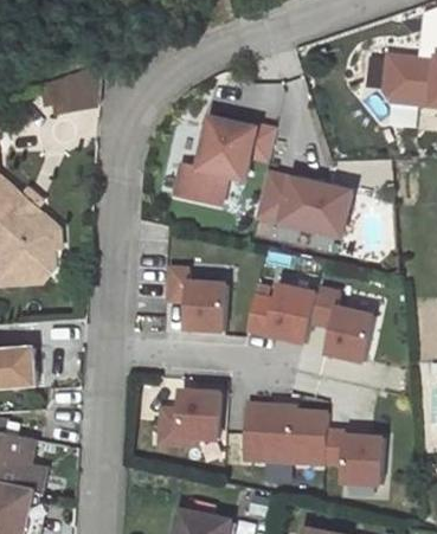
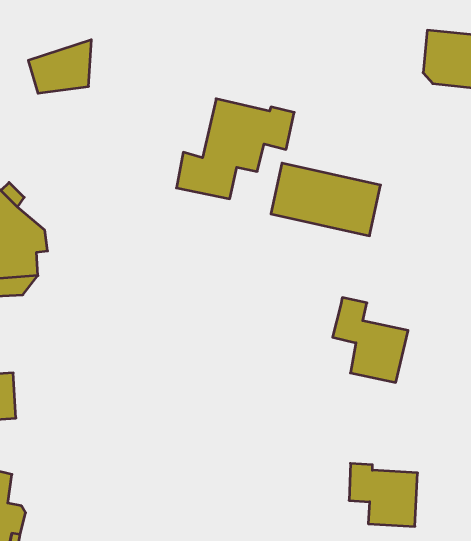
building: [167,266,226,330] -> none
building: [245,284,316,342] -> none
building: [159,390,219,440] -> none
building: [242,404,326,463] -> none

